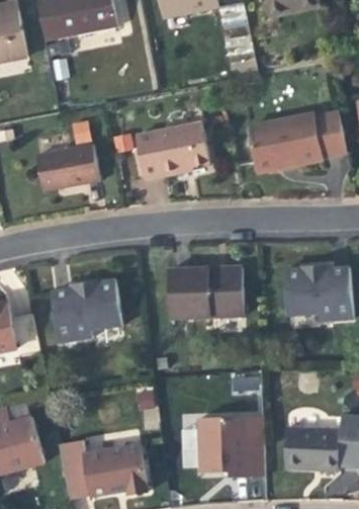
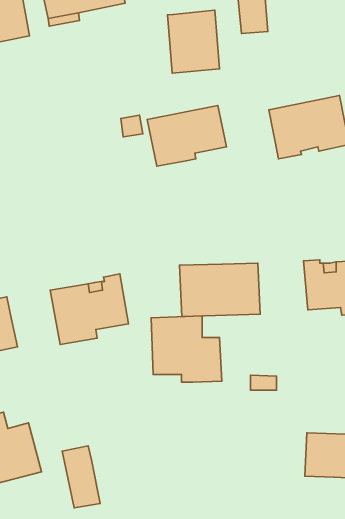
building: none -> [167,10,220,73]
building: [37,144,101,190] -> none
building: [10,311,40,354] -> none
building: [199,413,265,475] -> [151,316,222,382]
building: [86,440,150,492] -> none

